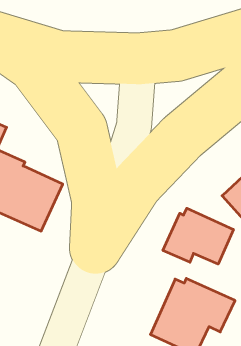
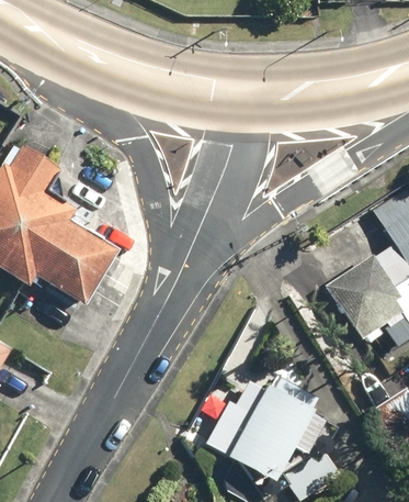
building: [163,208,233,264] -> none

